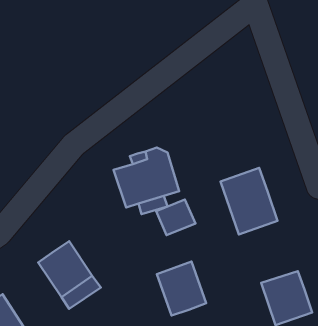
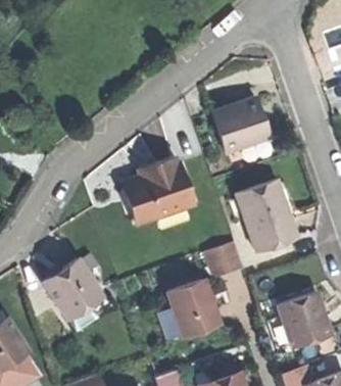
building: none -> [213,98,269,153]
building: [156,200,196,235] -> [203,240,245,278]

